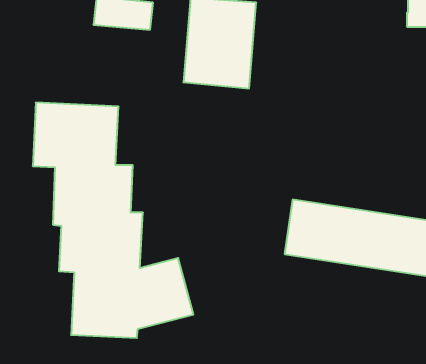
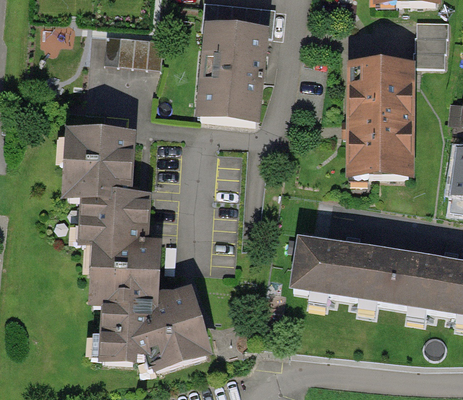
building: none -> [344,67,415,175]

